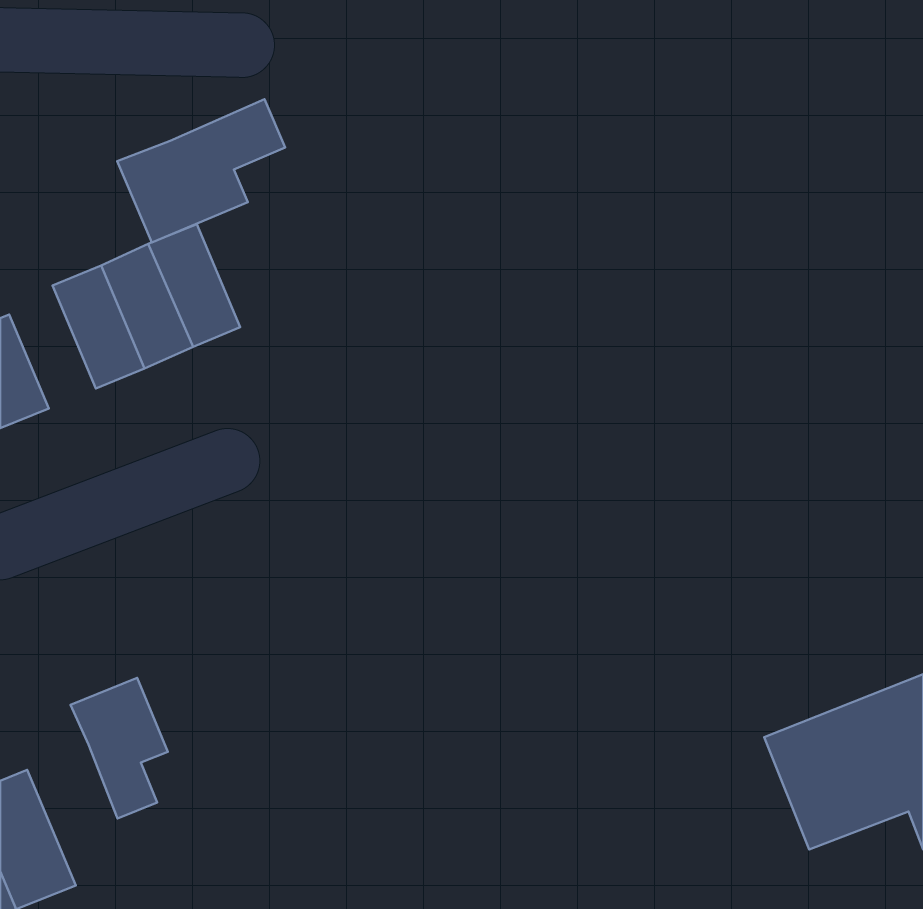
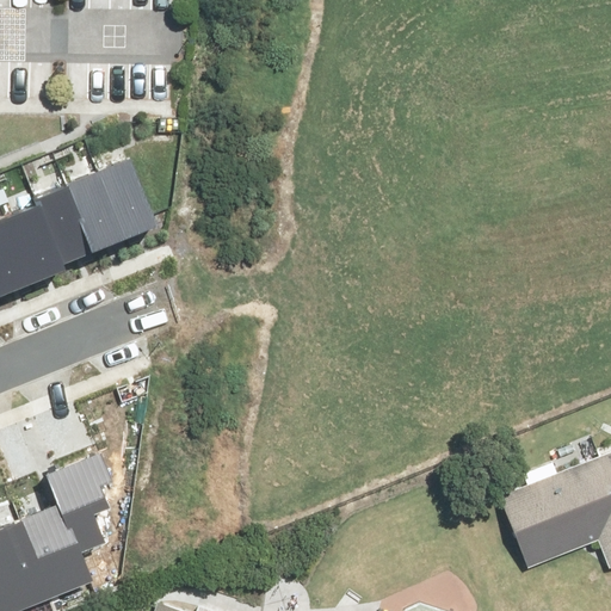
building: [117,99,285,242] -> none
building: none -> [6,204,63,279]
building: none -> [18,501,90,594]

